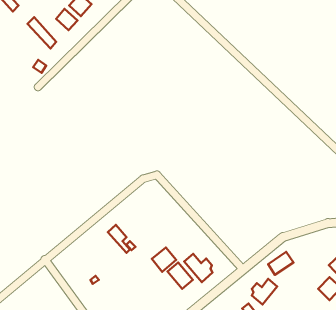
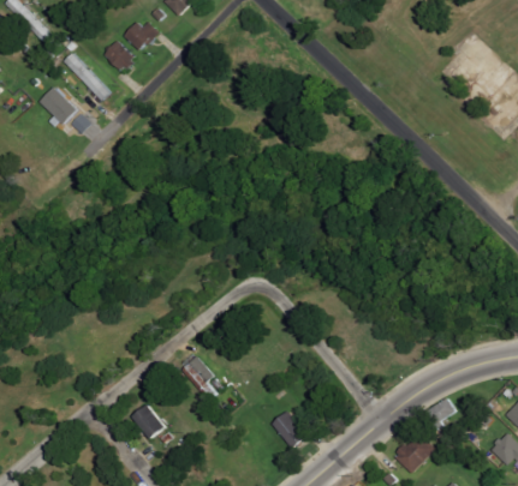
building: none -> [41,88,78,125]
building: [152,248,176,272] -> none
building: [184,254,213,282] -> none
building: none -> [127,404,161,440]

